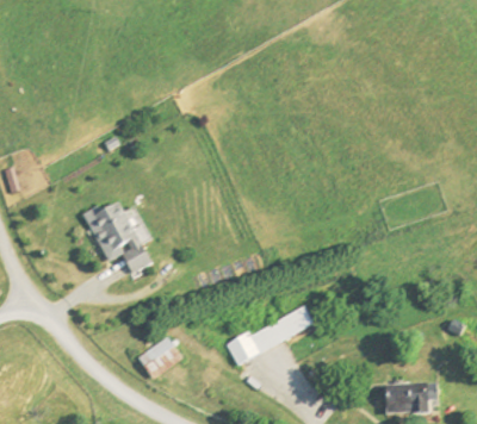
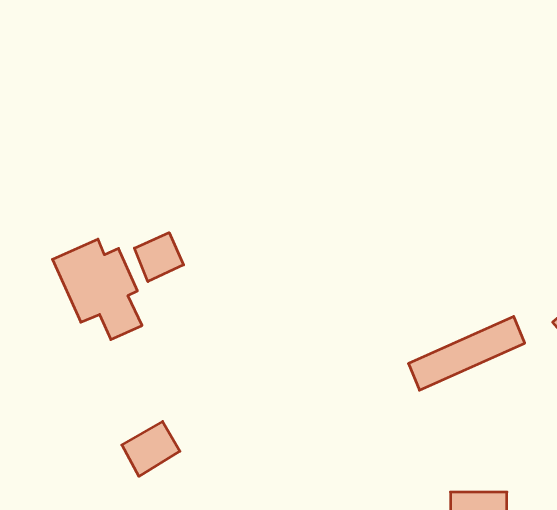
building: none -> [134,233,184,282]
building: [227,305,315,361] -> [408,316,525,390]

